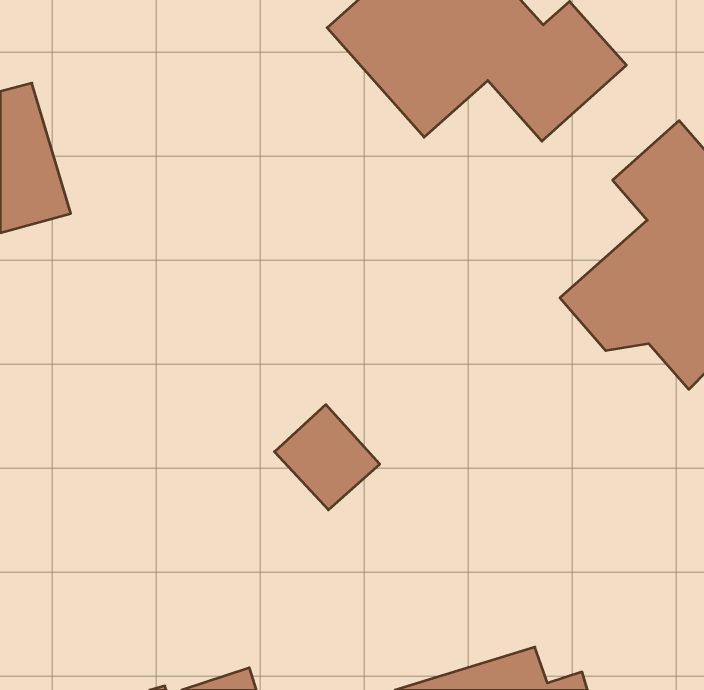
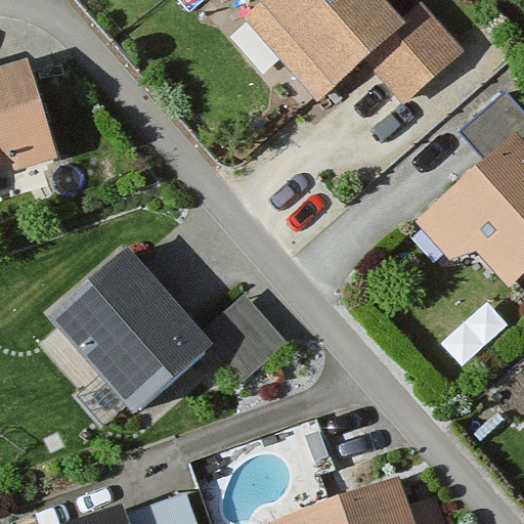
building: none -> [52,254,210,413]

